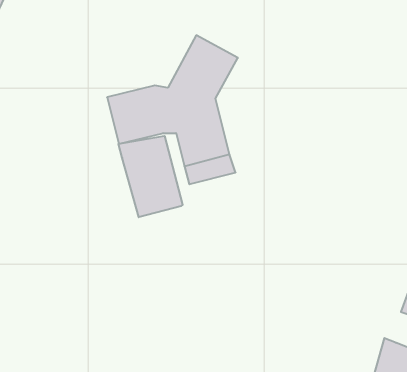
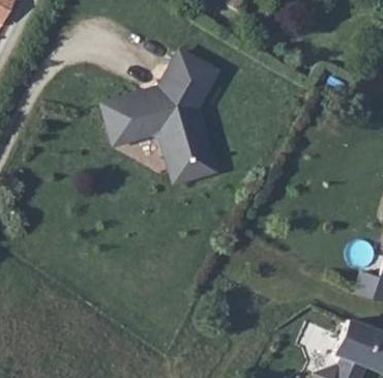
building: [118,136,183,217] -> none

